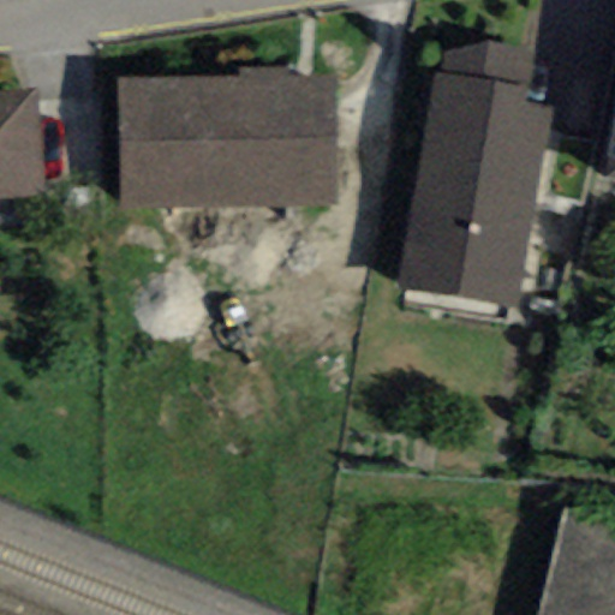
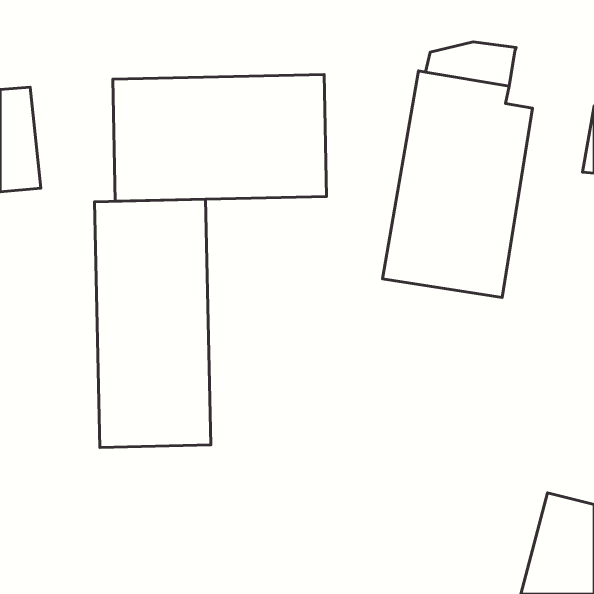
building: none -> [95,199,211,448]

